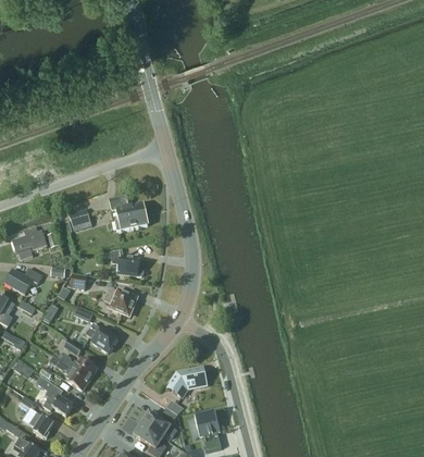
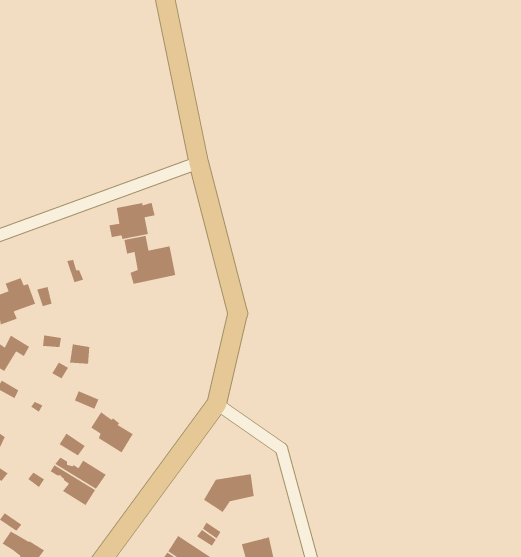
building: none -> [109,202,155,240]
building: [110,249,145,275] -> none
building: [104,288,136,316] -> none
building: [36,375,73,416] -> none

